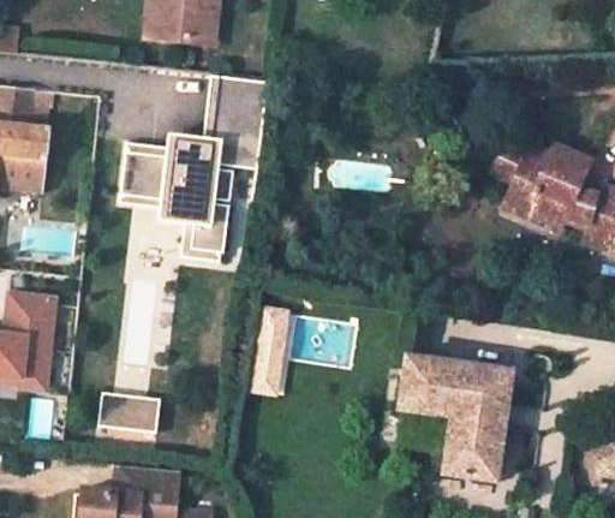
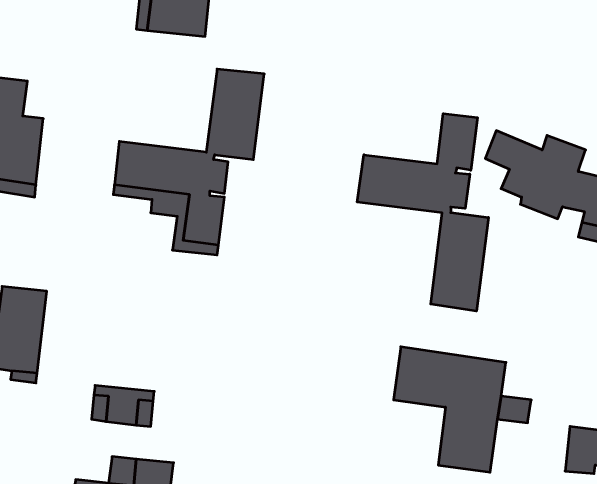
building: [126,76,223,161] -> none
building: none -> [357,114,488,311]
building: [258,300,291,391] -> none

